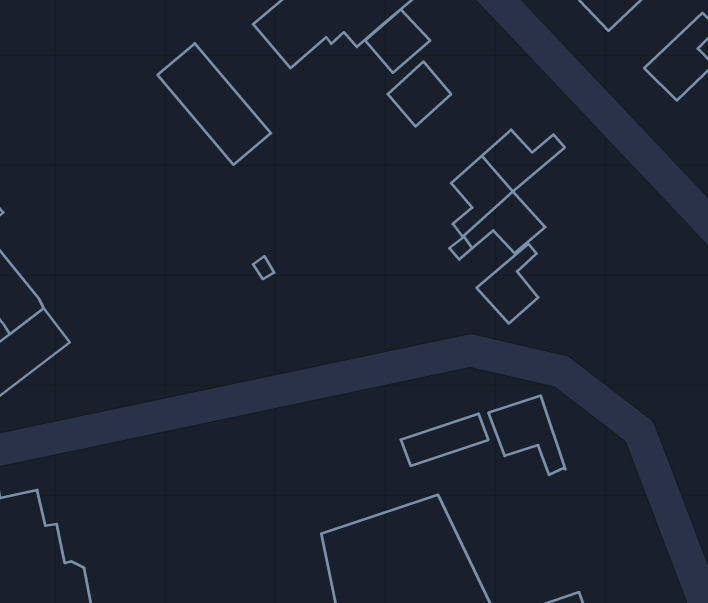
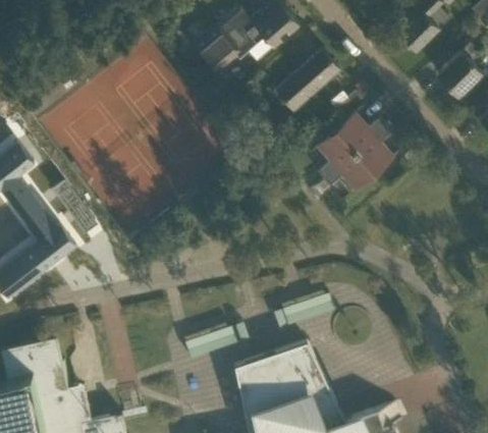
building: [365,10,430,73] -> [297,52,338,92]
building: [158,43,271,165] -> none
building: [477,244,538,323] -> [354,125,392,175]
building: [489,396,565,475] -> none
building: none -> [189,325,240,357]

